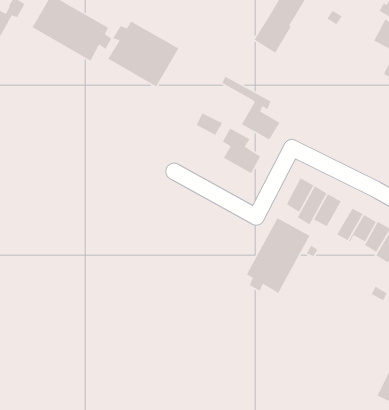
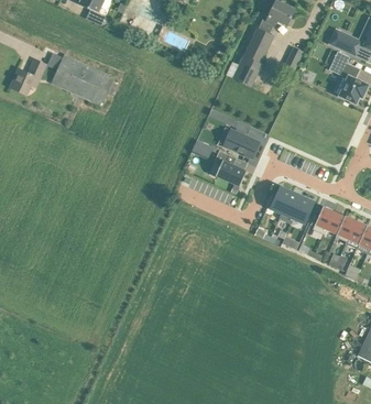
building: [108,20,179,88] -> none
building: [246,217,311,294] -> none

